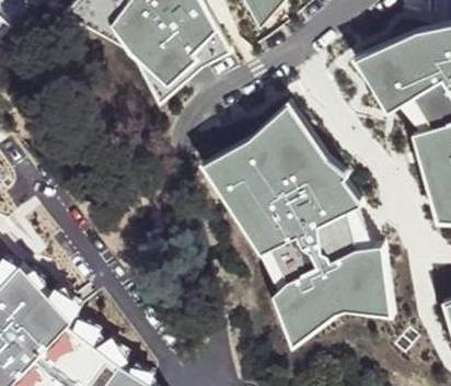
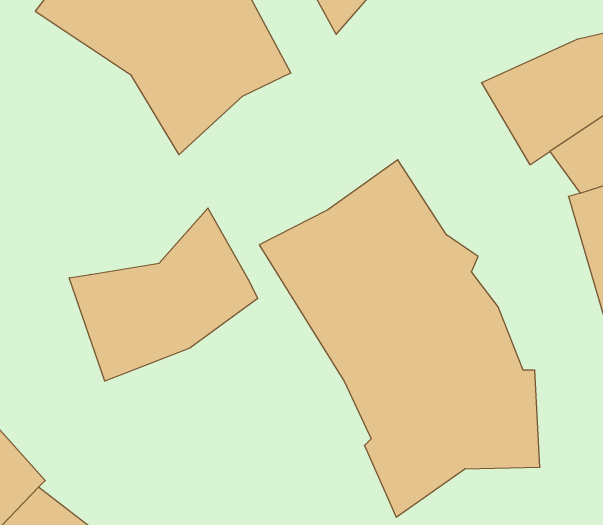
building: none -> [69,208,258,381]

